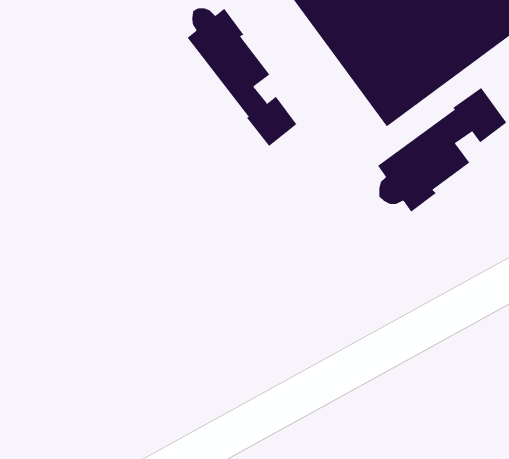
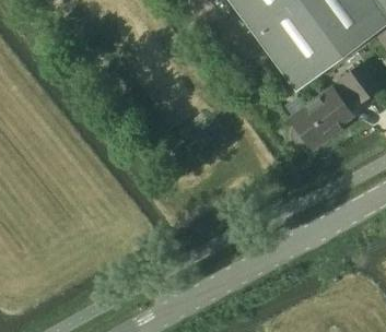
building: [187,7,297,147] -> none

